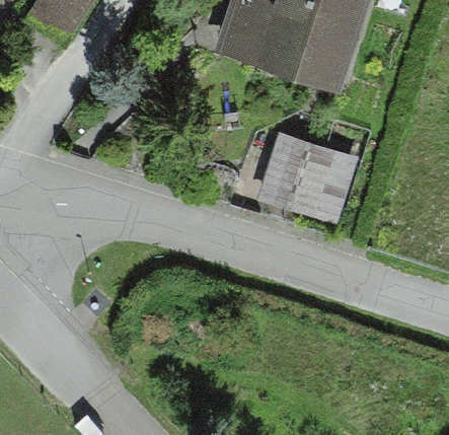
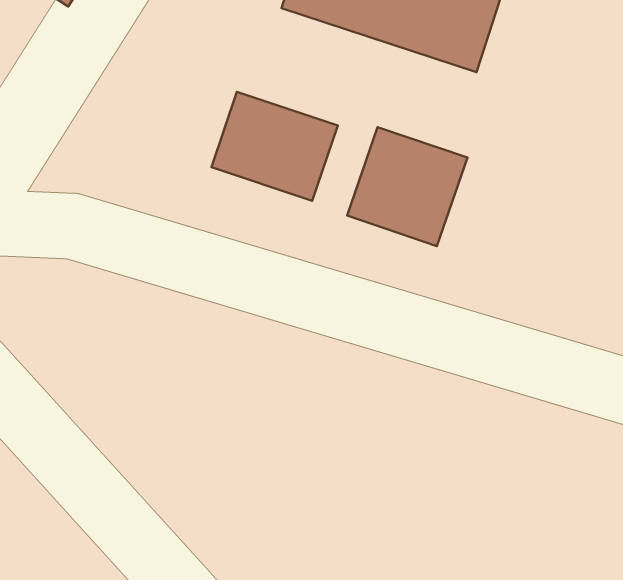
building: none -> [211,92,338,201]

